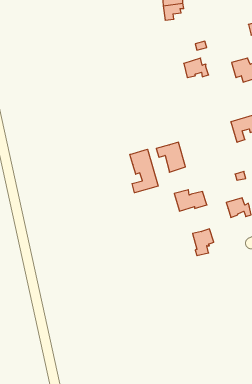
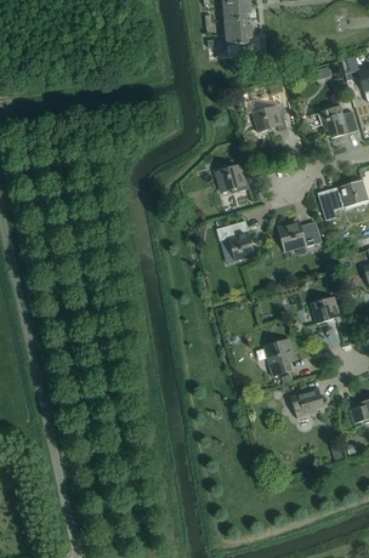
building: none -> [215,165,249,193]
building: [130,149,158,193] -> none
building: [174,190,207,211] -> [277,222,322,251]
building: none -> [290,388,323,419]

